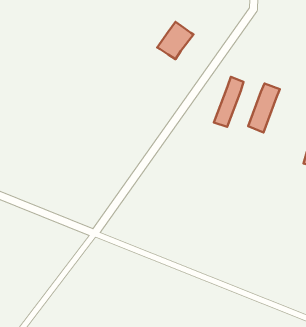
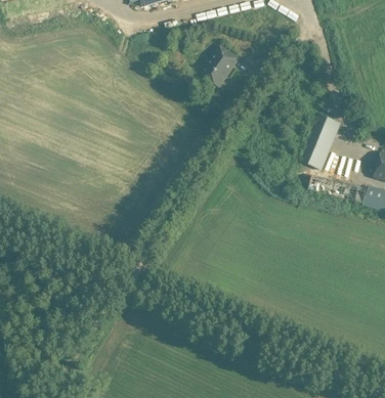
building: [214,77,244,127] -> none

